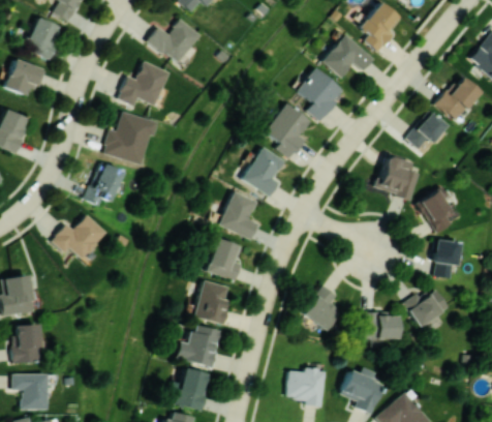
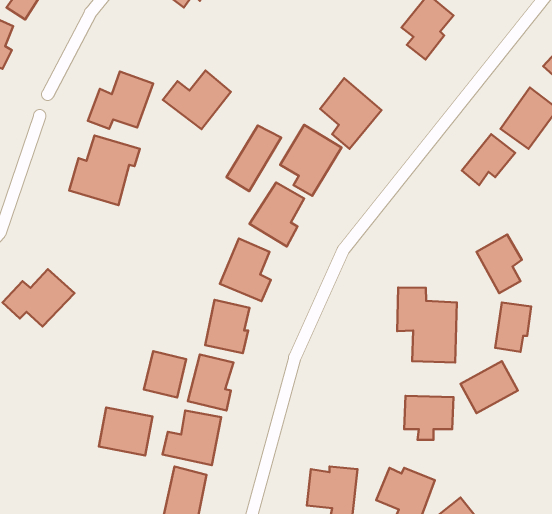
building: [147,18,199,63] -> [163,70,231,129]
building: [321,33,374,77] -> none
building: none -> [226,126,281,191]
building: [376,154,419,199] -> none
building: [84,161,121,208] -> none
building: none -> [397,287,457,362]
building: none -> [144,351,186,398]
building: [304,284,341,330] -> none
building: none -> [99,408,153,455]

